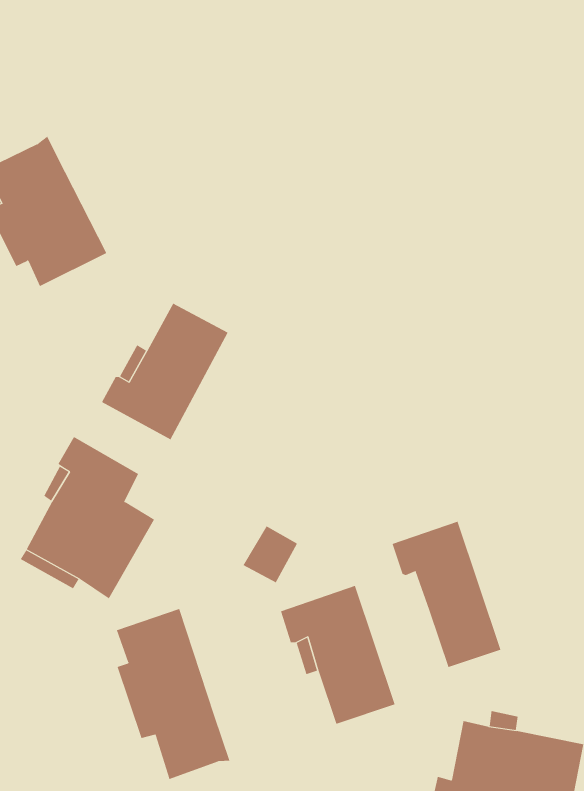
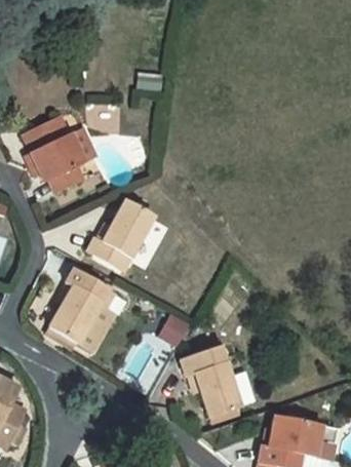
building: [392,521,501,668] -> none
building: [116,608,230,780] -> none

